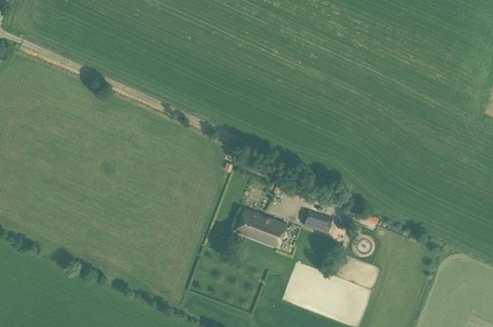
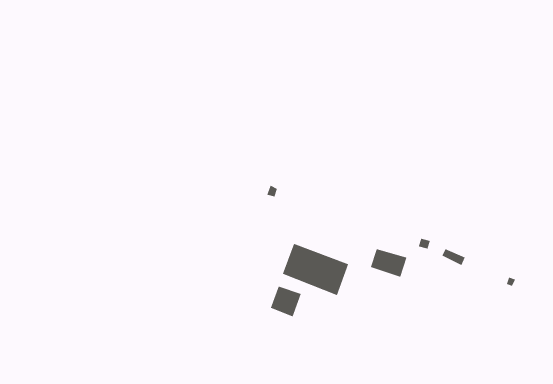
building: none -> [270,285,302,317]

